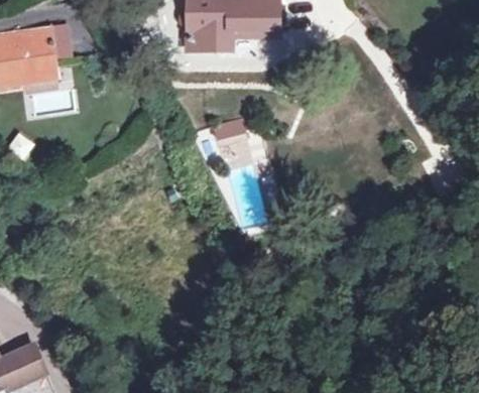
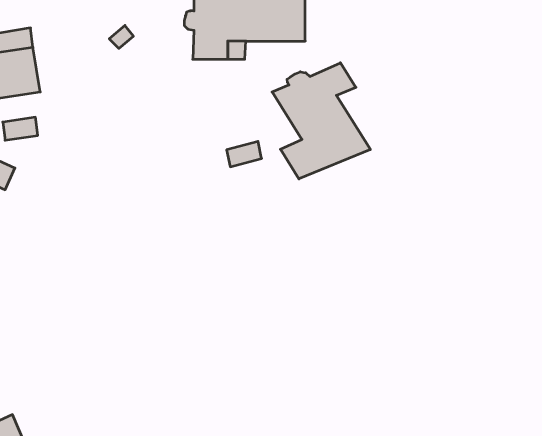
building: none -> [272,63,370,179]

